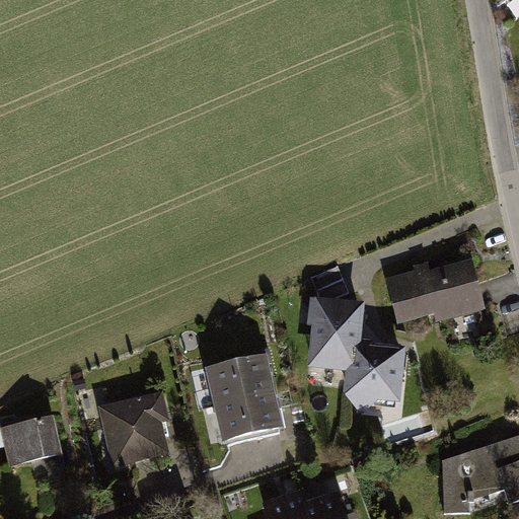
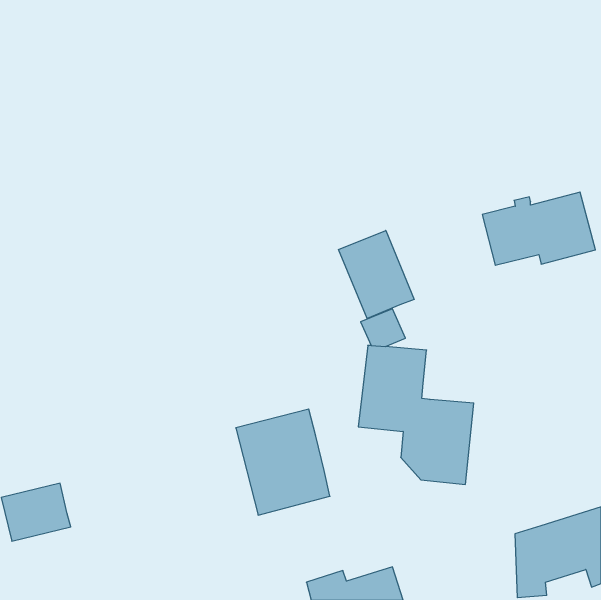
building: none -> [339,230,414,319]
building: [387,258,485,321] -> [482,192,595,265]
building: [98,391,170,467] -> none

